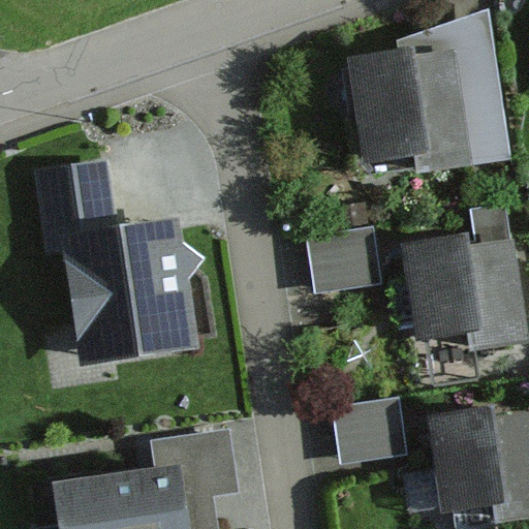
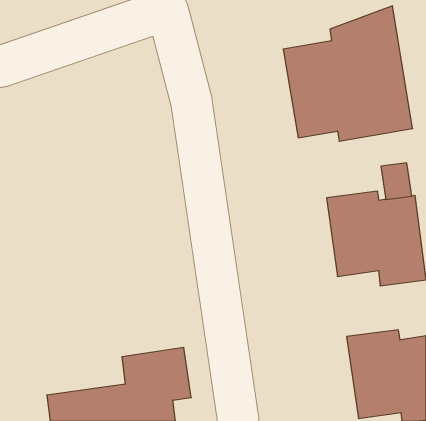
building: [32,156,198,367] -> none
building: [308,226,380,290] -> none
building: [334,397,406,460] -> none

